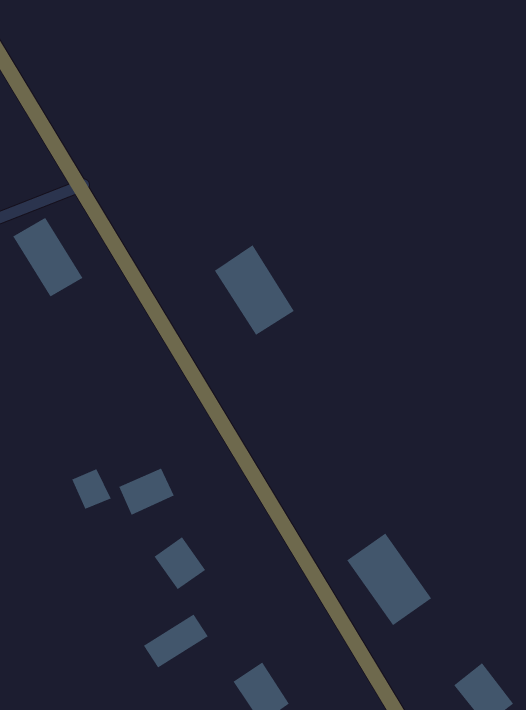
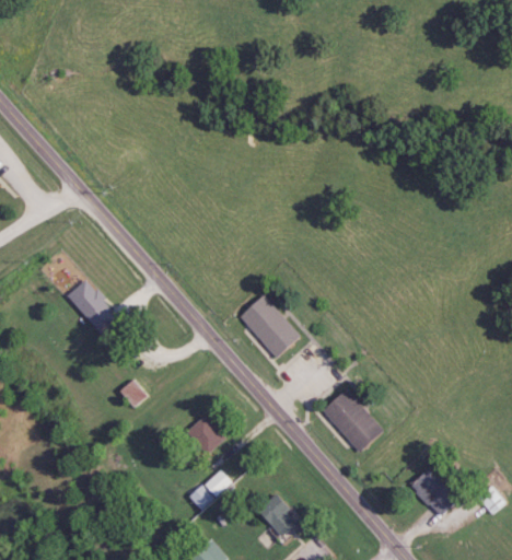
building: [12,217,83,298] -> [66,278,120,334]
building: [214,244,295,336] -> [240,293,301,357]
building: [118,468,175,516] -> none

